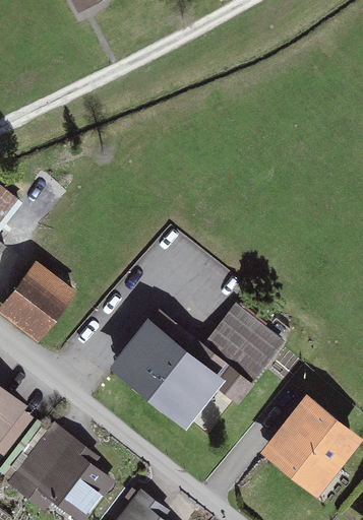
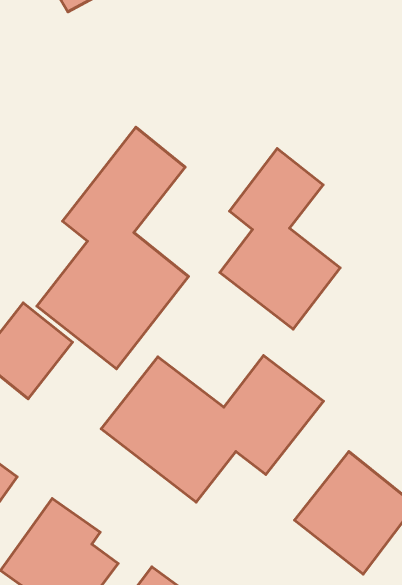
building: none -> [37,127,188,369]
building: none -> [220,149,340,329]

